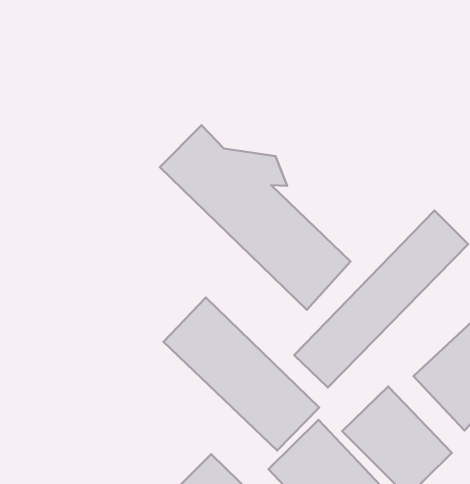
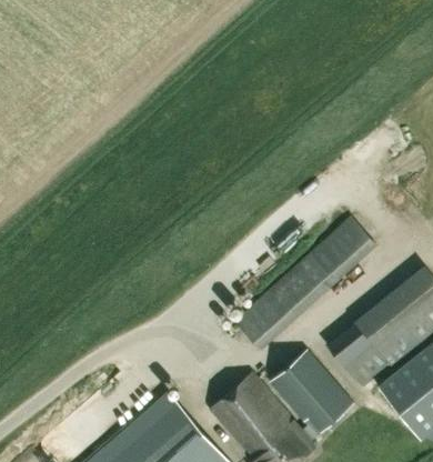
building: [160,125,350,310] -> none
building: [163,297,319,450] -> none

